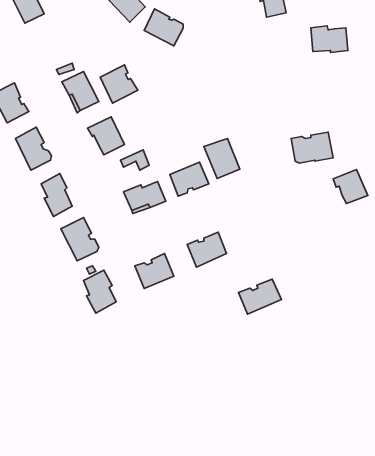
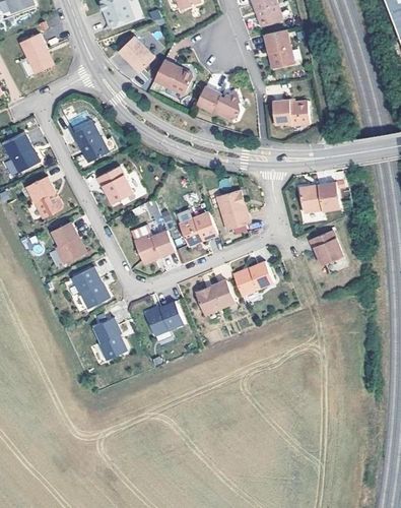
building: [311,26,348,52] -> [272,100,309,126]
building: none -> [196,86,240,119]
building: [100,65,138,103] -> none
building: [333,170,368,204] -> [309,230,343,263]
building: [238,279,282,314] -> [231,261,274,296]

